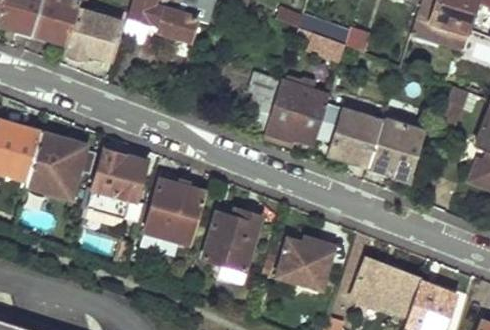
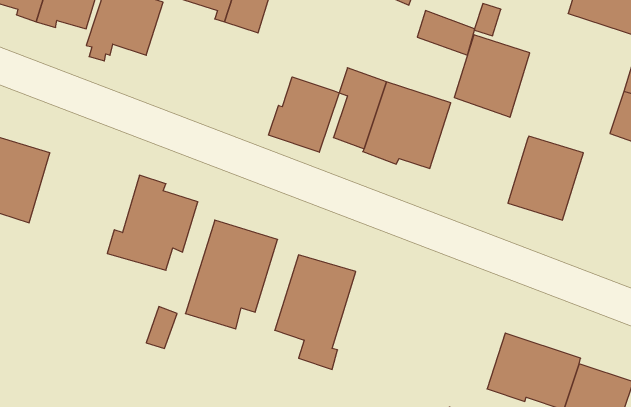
building: none -> [269,77,339,152]
building: [329,109,383,168] -> [454,35,530,117]
building: [25,132,86,199] -> none
building: [277,235,333,290] -> none

